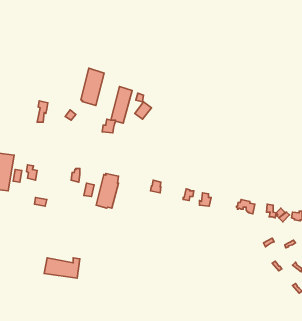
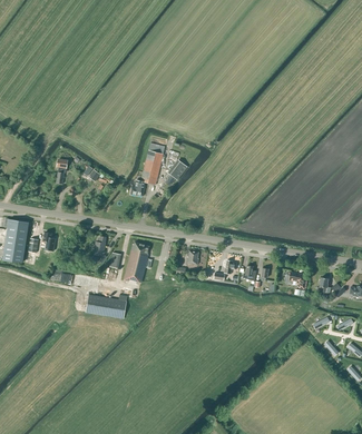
building: [81,68,104,105] -> none
building: [44,258,80,278] -> [86,295,127,318]

